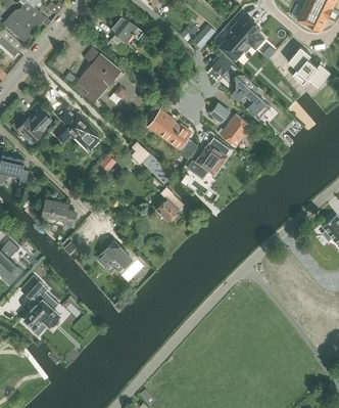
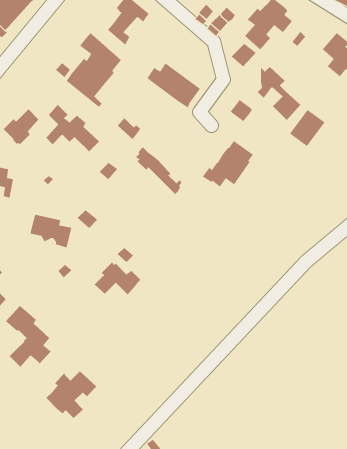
building: [144,109,190,148] -> [146,62,201,108]
building: [220,115,250,146] -> [289,109,325,147]
building: [156,187,182,221] -> none
building: none -> [46,370,97,419]

